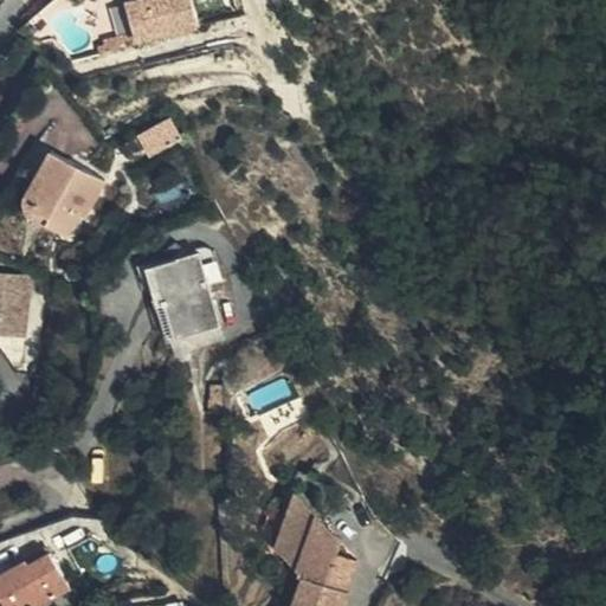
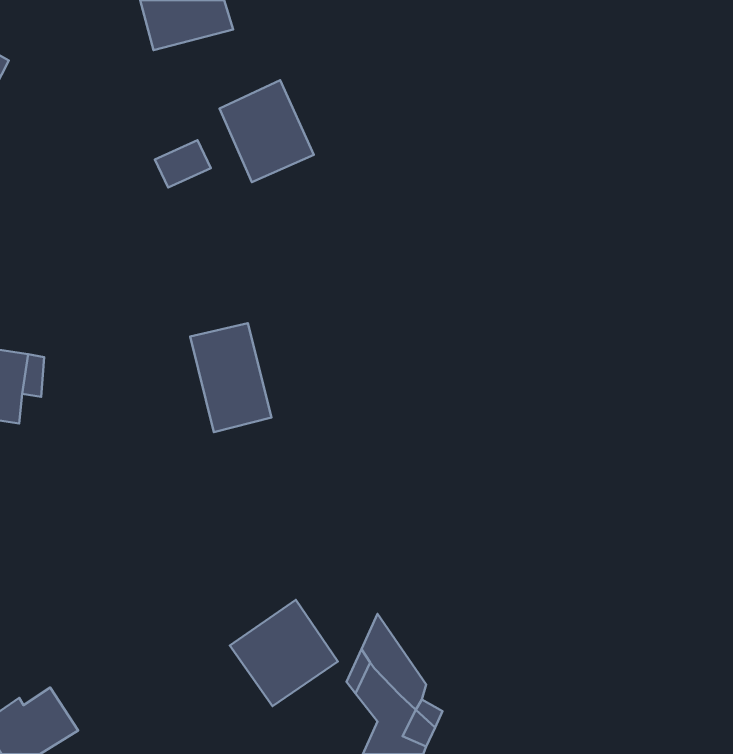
building: none -> [219,80,314,182]
building: [30,154,101,240] -> none
building: none -> [230,600,338,706]

